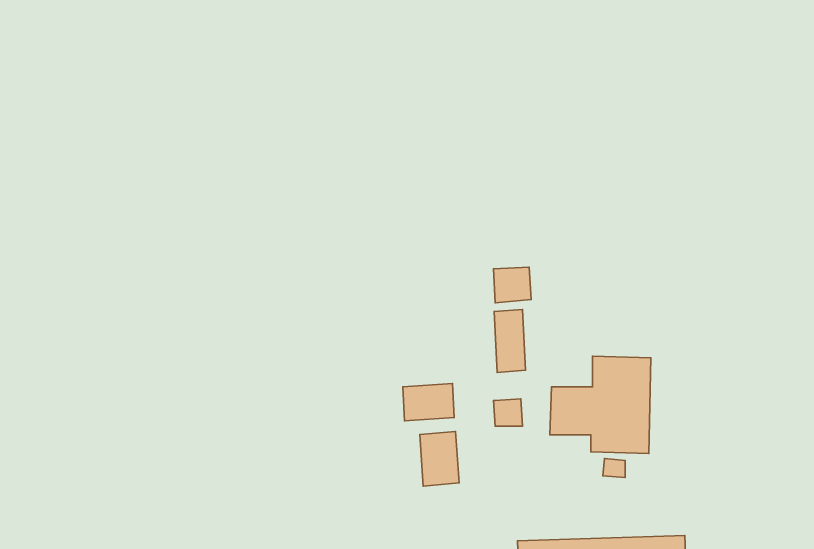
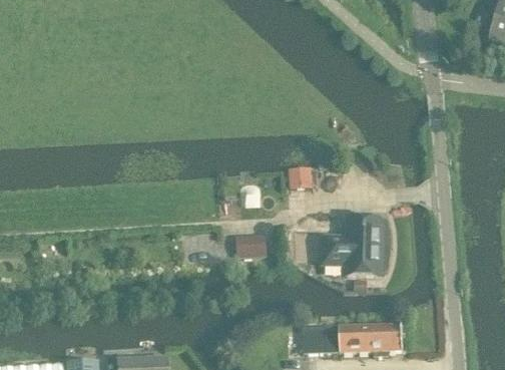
building: [494,309,525,372] -> none
building: [420,431,459,486] -> none

